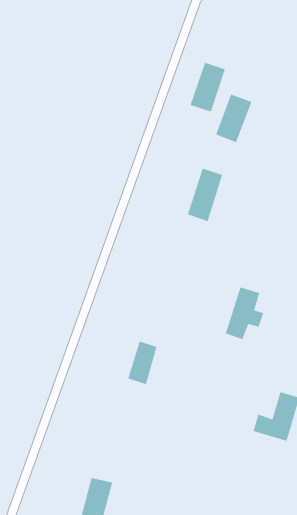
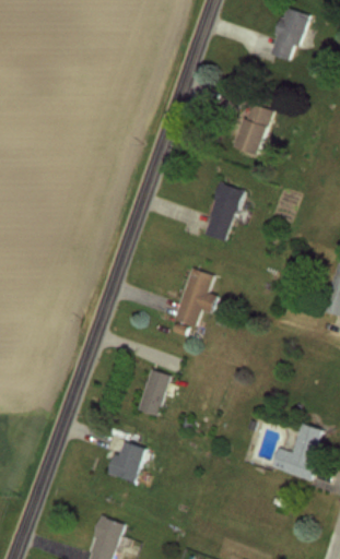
building: [189,62,226,113] -> [269,7,308,61]
building: [225,286,264,340] -> [174,267,216,325]
building: none -> [109,440,148,483]

